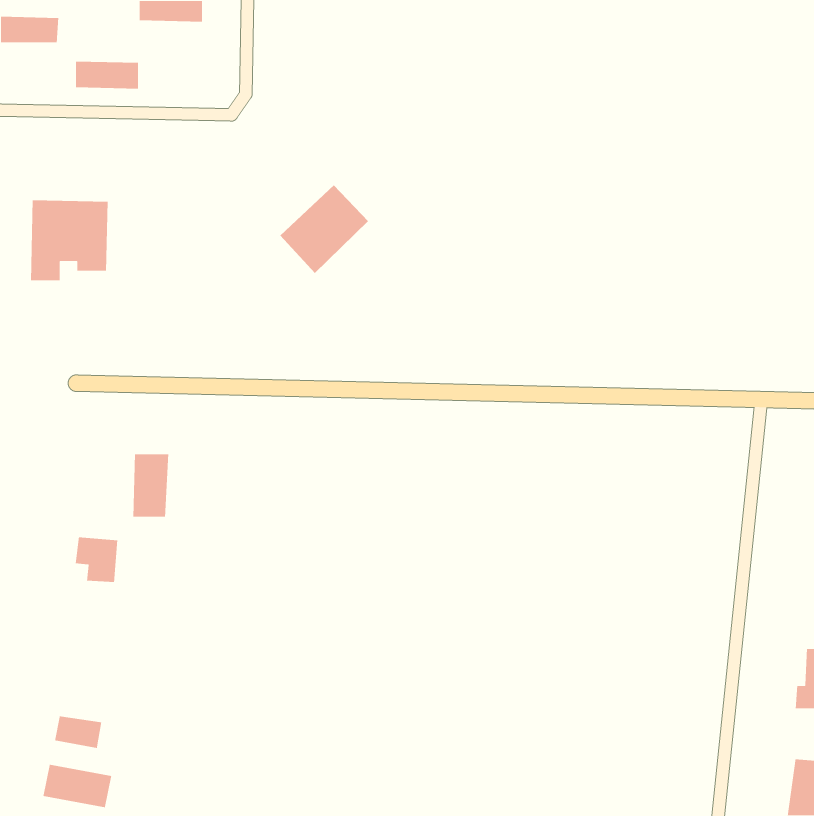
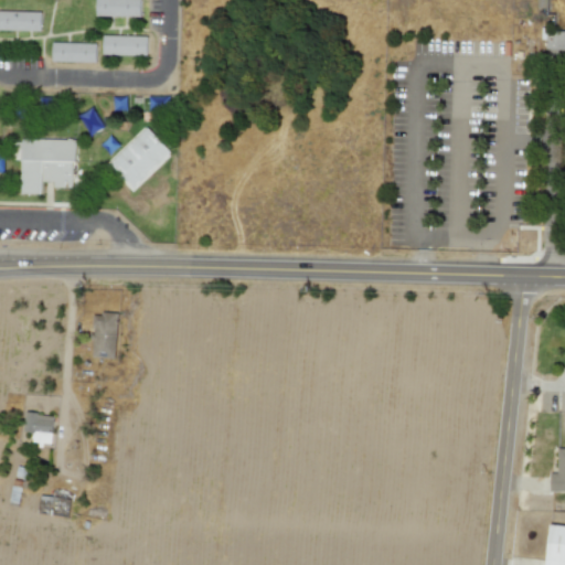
building: none -> [104,35,148,55]
building: [280,185,369,274] -> [110,127,172,189]
building: [75,537,118,583] -> [24,413,54,445]
building: [43,764,112,808] -> none

